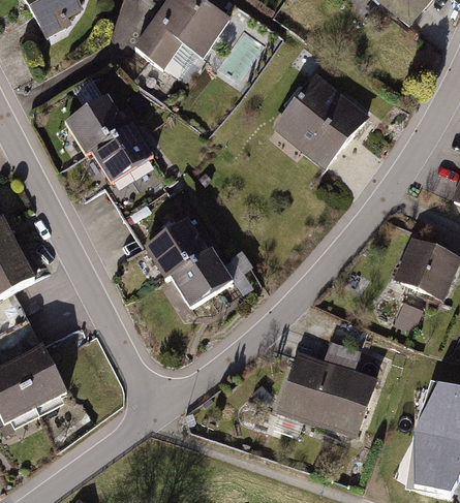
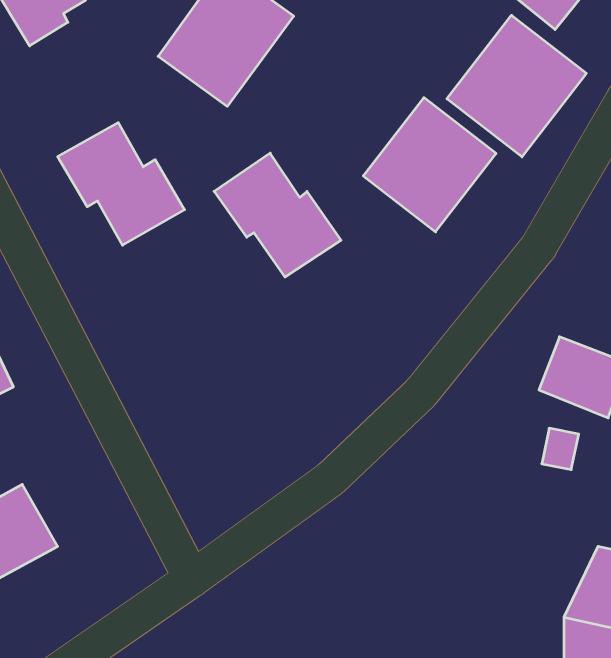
building: none -> [447,15,586,157]
building: [144,214,233,301] -> [214,153,341,277]
building: [273,345,374,441] -> none

